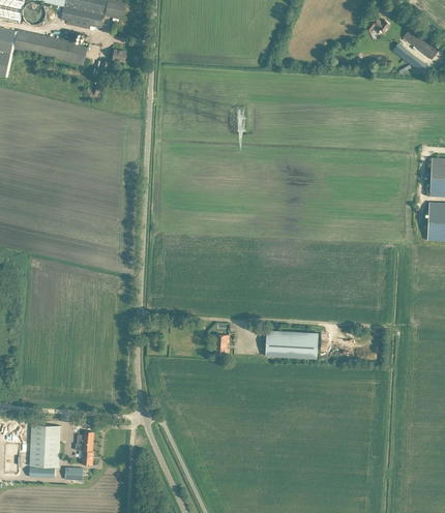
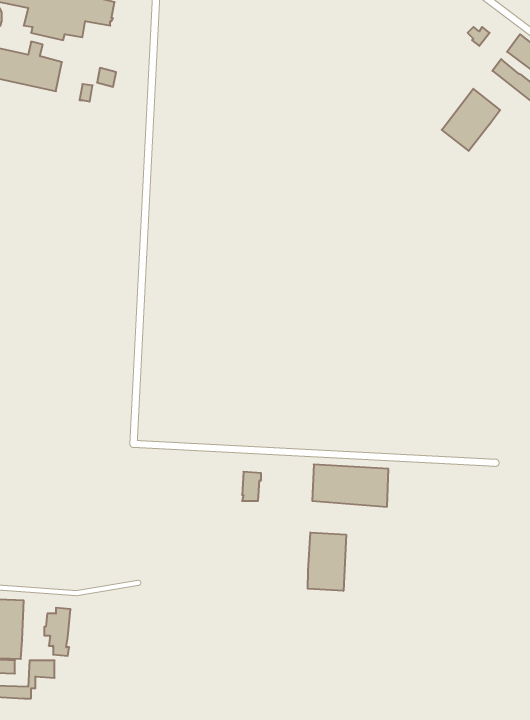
building: none -> [442,89,500,151]
building: none -> [308,532,346,591]

